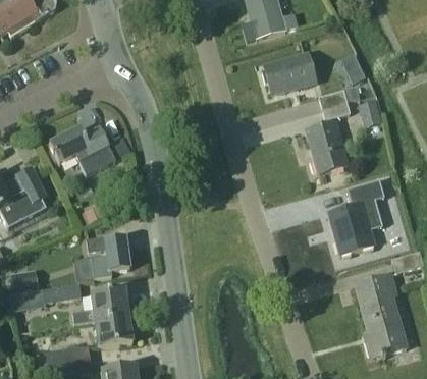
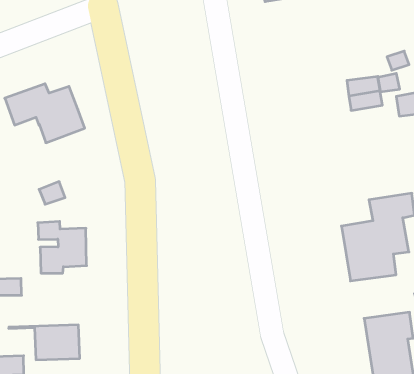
building: [263,53,315,93] -> none
building: [305,121,345,174] -> none
building: [71,288,127,323] -> none

